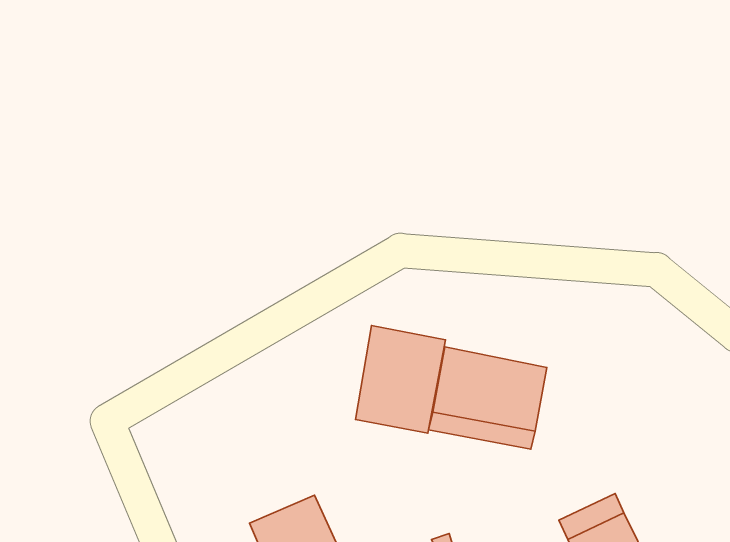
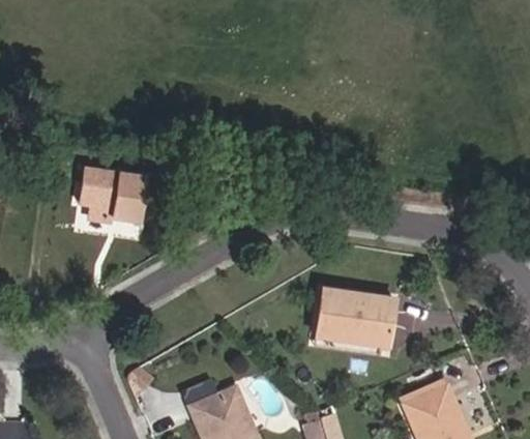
building: none -> [78,168,144,221]
building: [355,325,445,433] -> none

